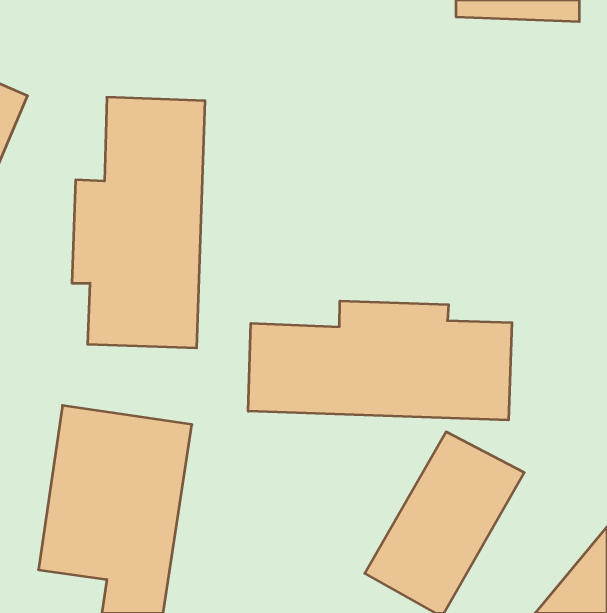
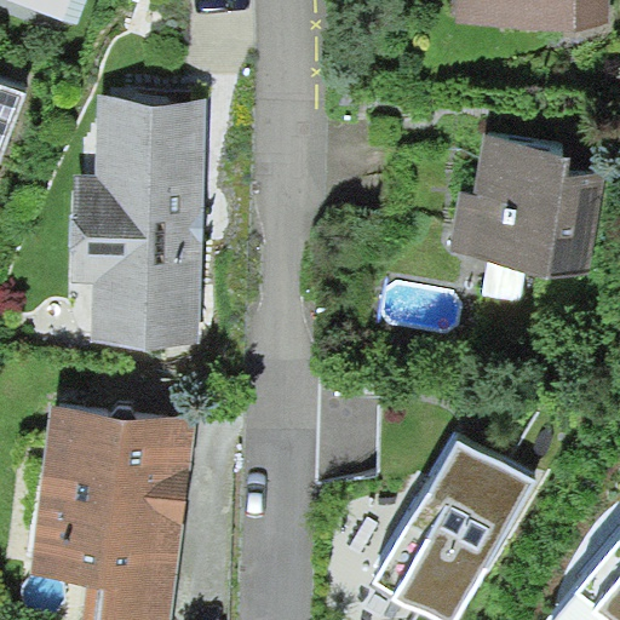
building: none -> [455,137,602,283]
building: [248,301,512,420] -> none

